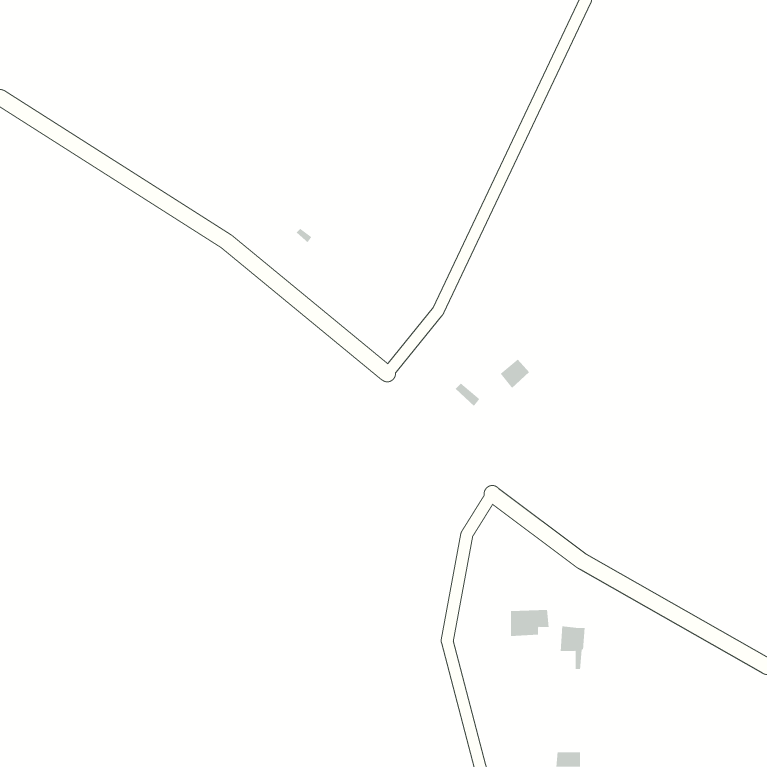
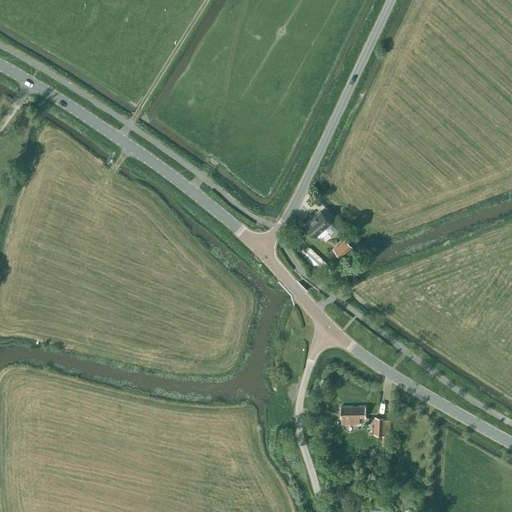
building: none -> [305,212,331,239]

